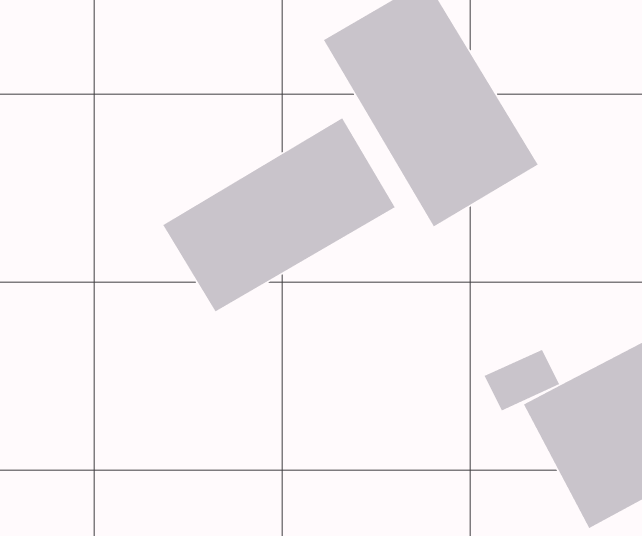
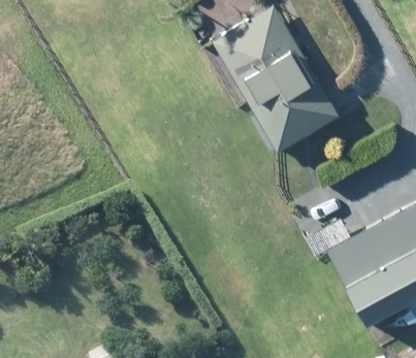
building: [162,117,396,313] -> none

